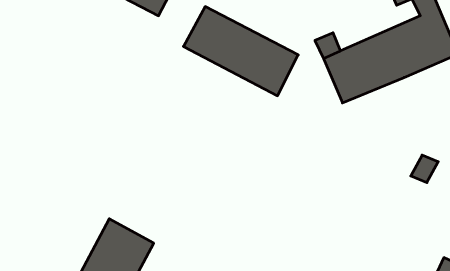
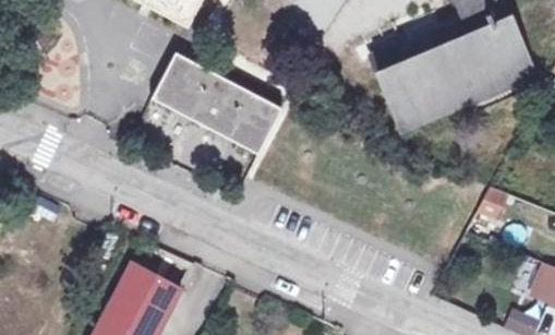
building: [183,7,298,96] -> [152,52,283,155]

